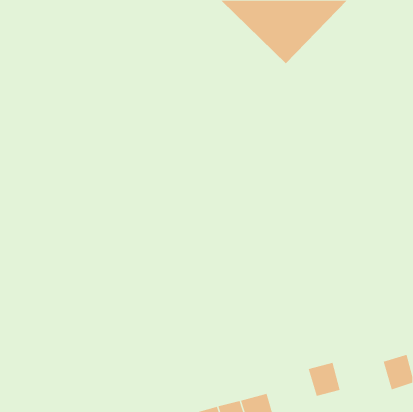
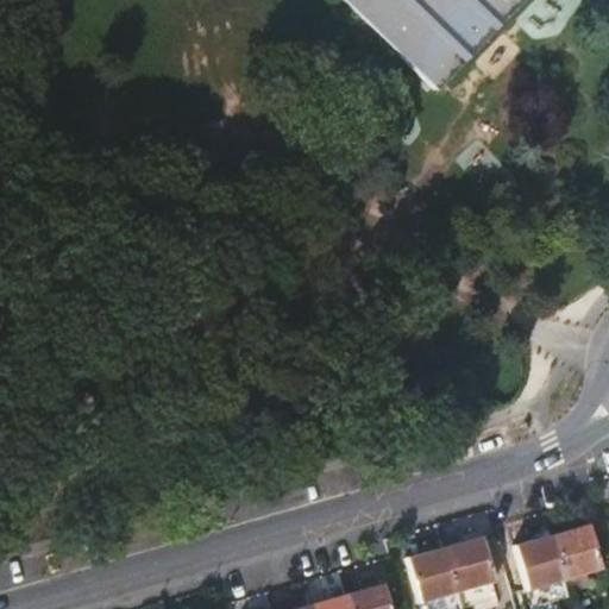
building: none -> [522,534,571,585]
building: none -> [414,545,462,596]

